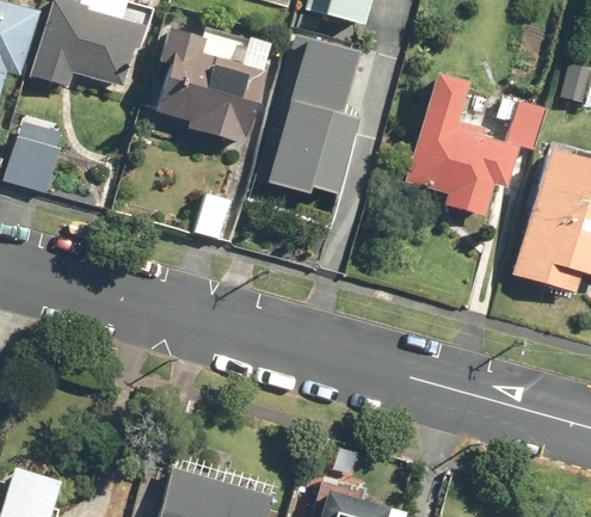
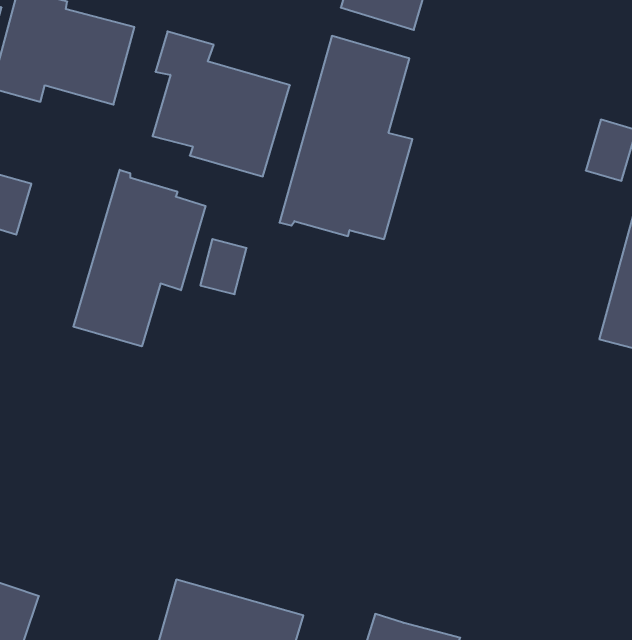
building: [404,74,517,216] -> none
building: none -> [73,170,206,346]

